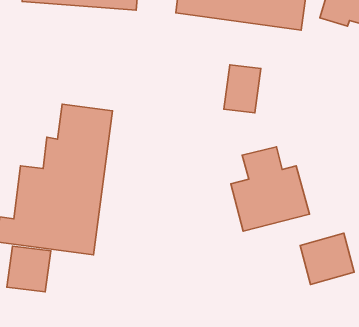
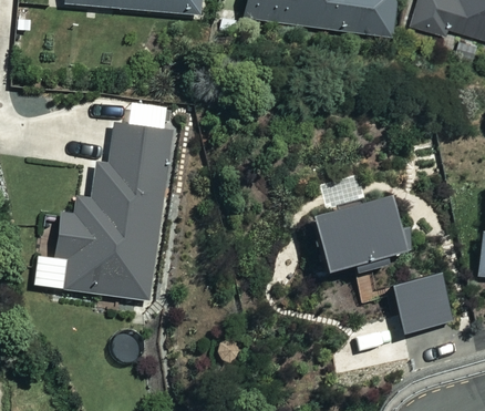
building: [224,65,261,113] -> none
building: [7,246,51,292] -> none

